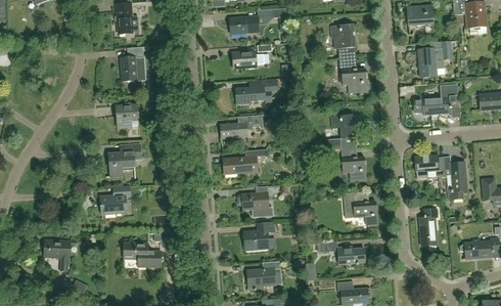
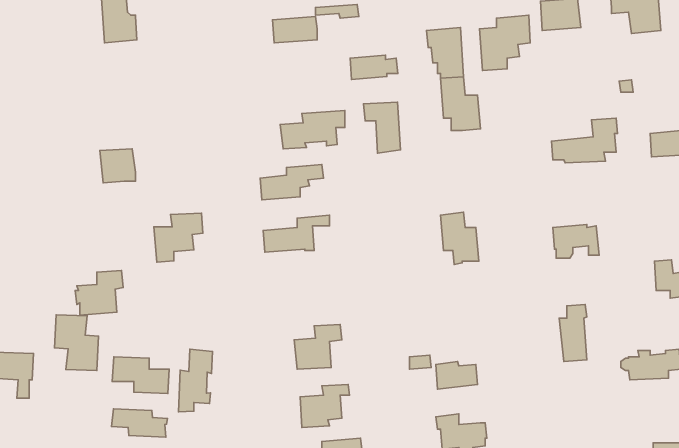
building: [418,40,452,77] -> [479,15,530,71]
building: [120,46,146,81] -> none
building: [232,51,264,68] -> [350,55,398,80]
building: [331,115,356,148] -> [364,102,401,153]
building: [107,144,140,177] -> [154,213,203,262]
building: [444,156,467,200] -> none
building: [237,185,269,218] -> none
building: [344,190,377,223] -> none
building: none -> [55,315,99,371]
building: none -> [178,349,213,412]
building: none -> [111,409,168,437]

